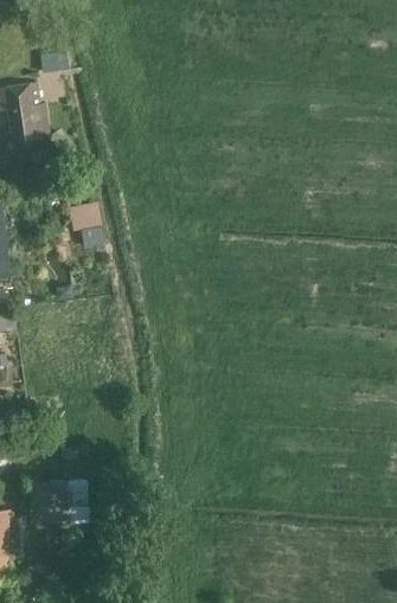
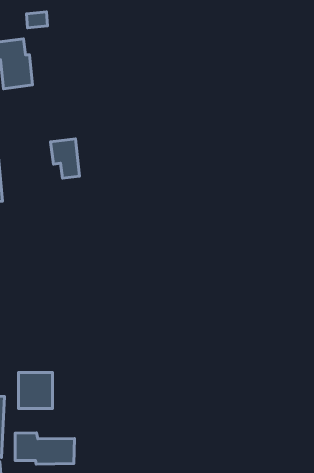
building: none -> [15,433,74,464]

